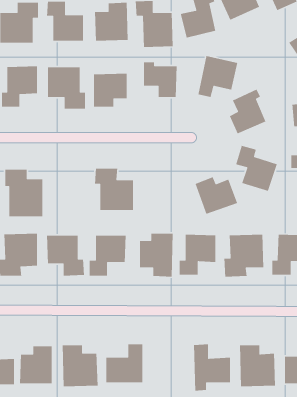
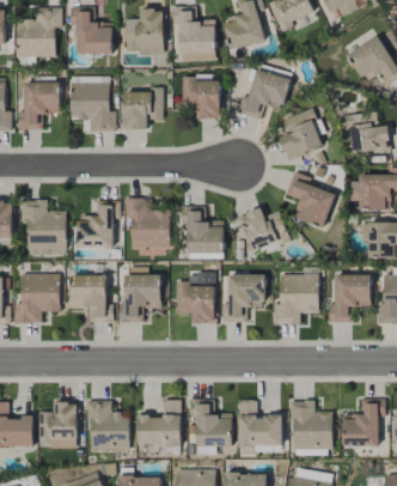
building: none -> [77,201,120,248]
building: none -> [181,206,224,259]
building: none -> [190,402,232,455]

